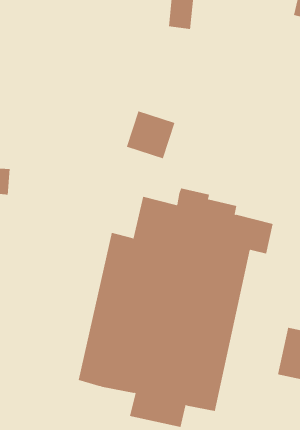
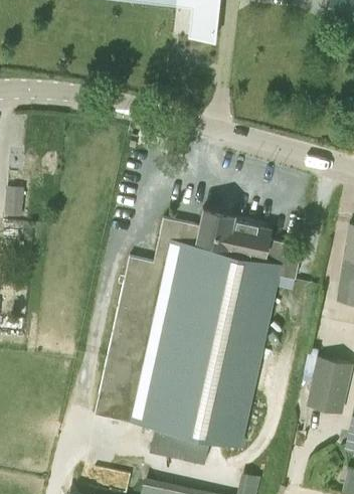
building: [126,110,175,159] -> none

